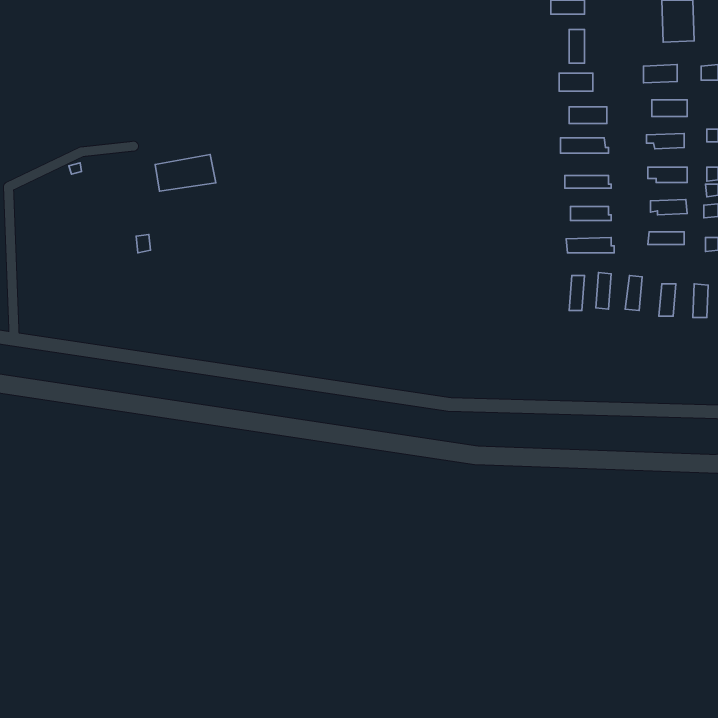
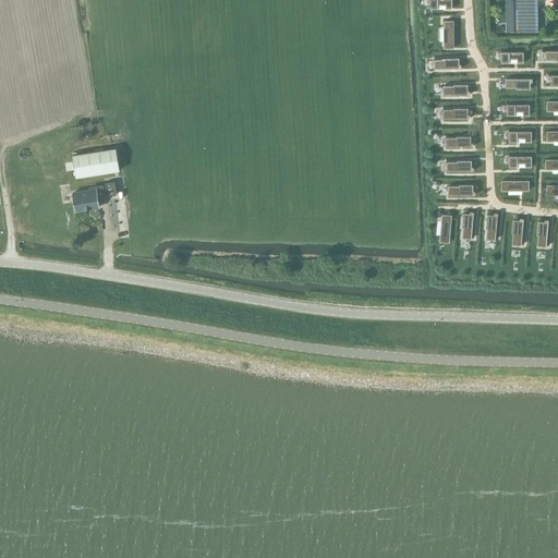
building: [155,155,216,191] -> [73,148,120,177]
building: none -> [73,185,106,210]

